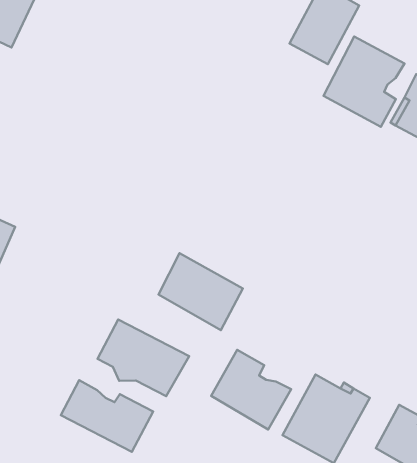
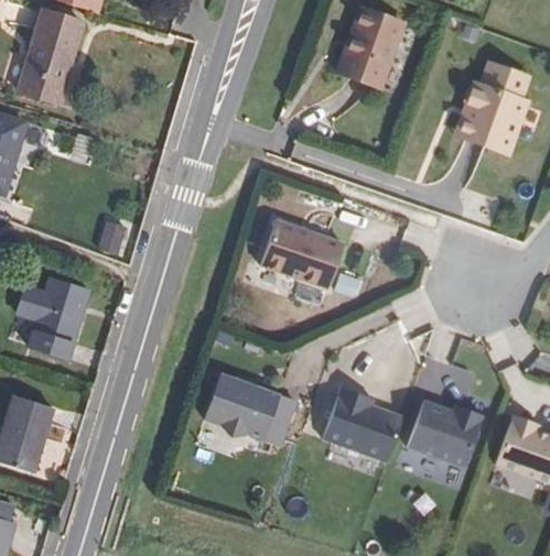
building: [323,36,404,127] -> none
building: [159,253,243,330] -> [266,212,349,283]
building: [61,380,153,452] -> none

